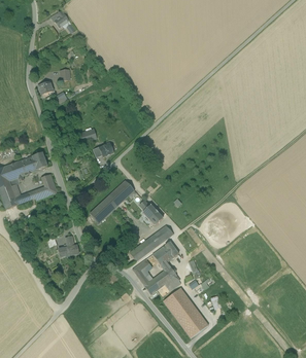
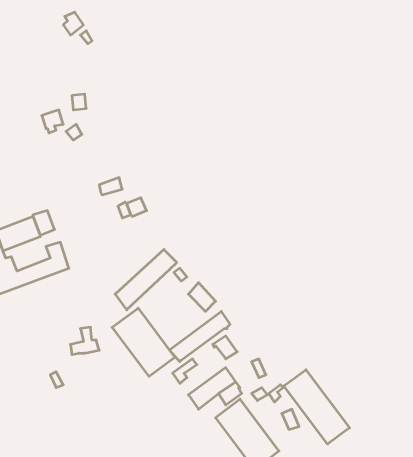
building: none -> [112,308,175,376]
building: none -> [284,370,350,444]

